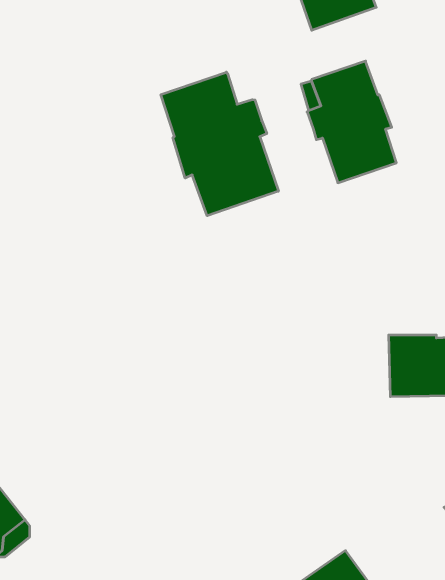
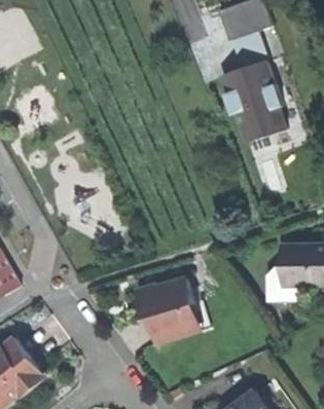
building: [161,72,278,216] -> none
building: none -> [136,277,194,343]

